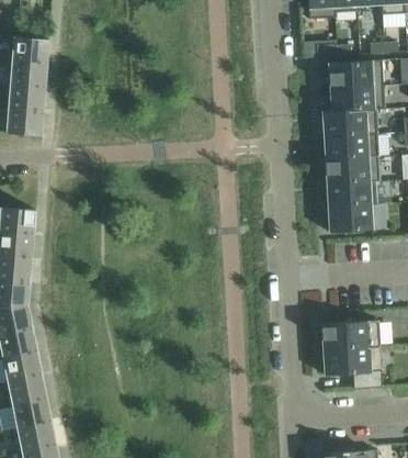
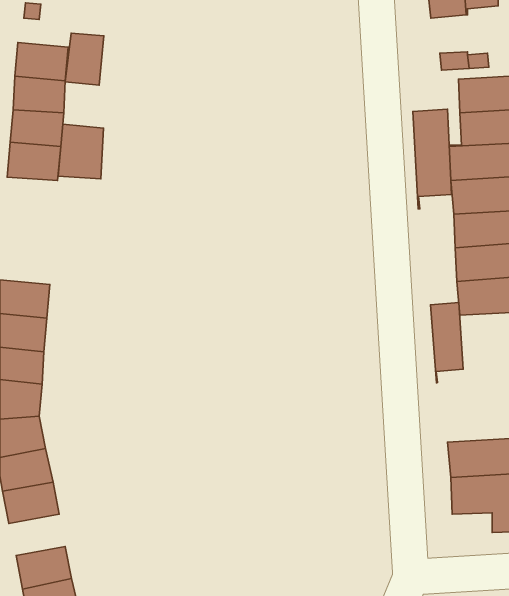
building: none -> [65,33,104,85]
building: none -> [413,109,451,209]
building: none -> [58,124,104,179]
building: none -> [430,302,463,383]
building: [7,376,47,405] -> none

